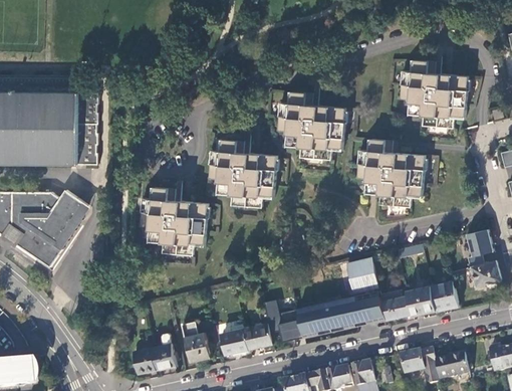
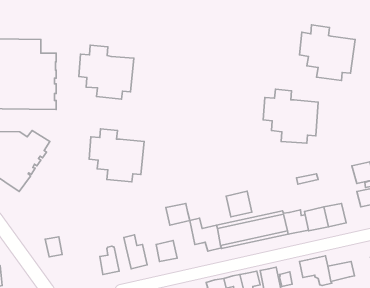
building: [276,92,344,160] -> none
building: [207,141,275,208] -> [79,45,134,99]
building: [343,258,375,290] -> [226,191,252,217]
building: [243,324,273,351] -> [166,204,190,225]
building: [135,349,156,374] -> [45,237,62,257]

